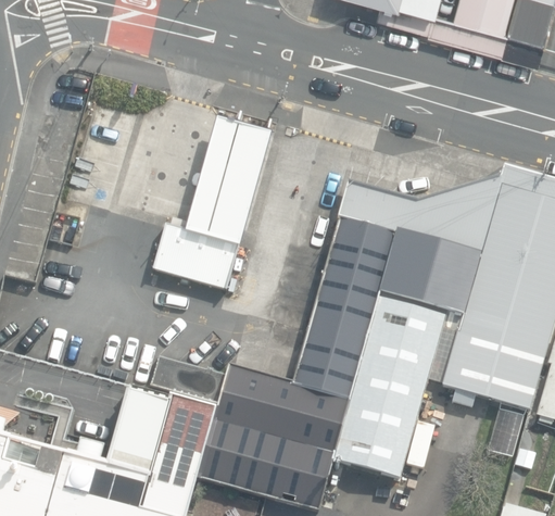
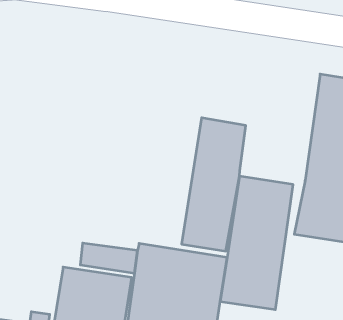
building: [153,116,279,295] -> none
building: [337,176,499,313] -> none

